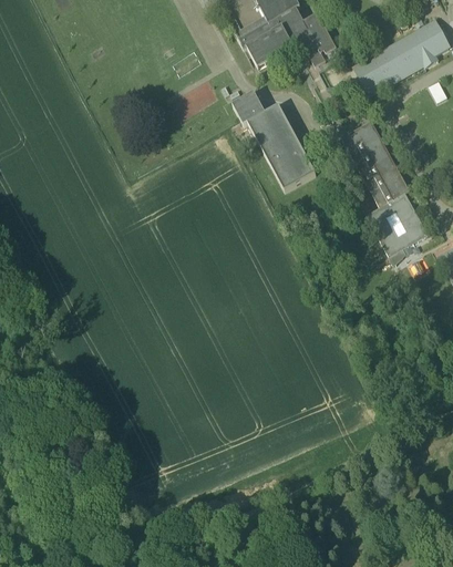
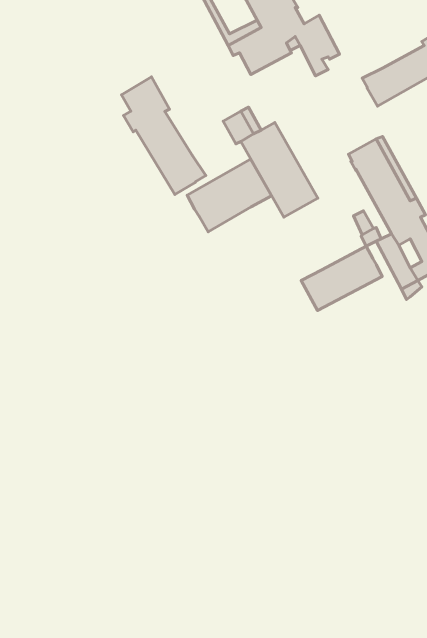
building: none -> [121,77,206,195]
building: none -> [187,159,272,232]
building: none -> [301,246,382,311]

